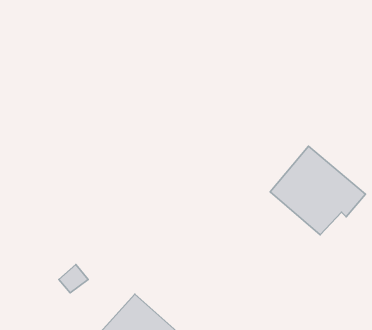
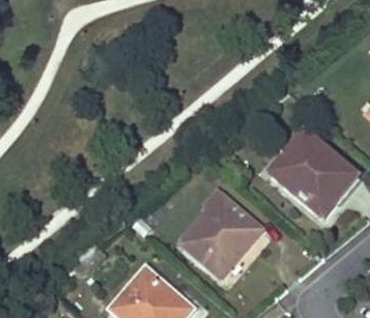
building: none -> [183,192,261,267]

